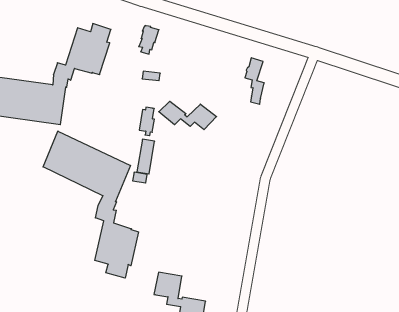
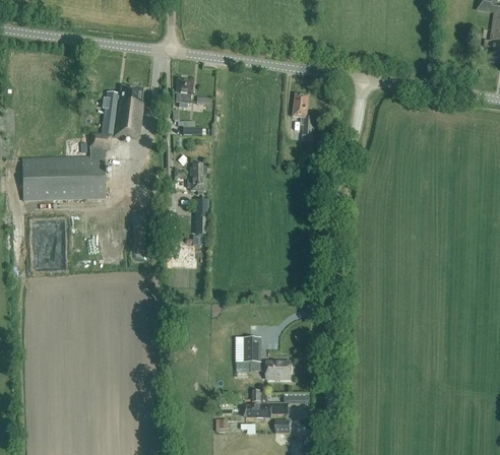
building: [159,101,217,130] -> none
building: [43,131,139,278] -> none

